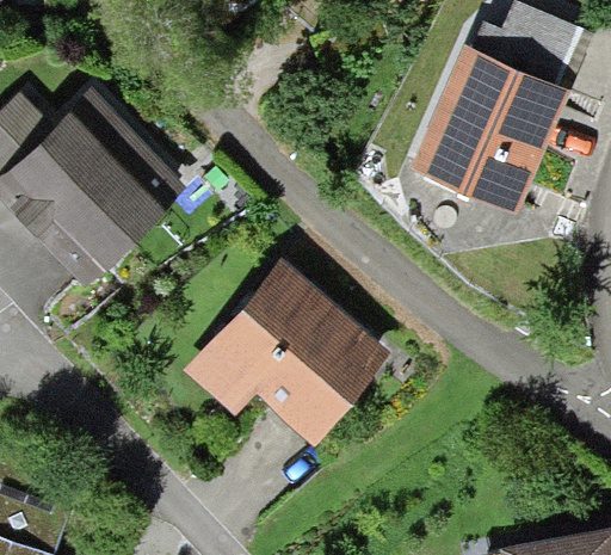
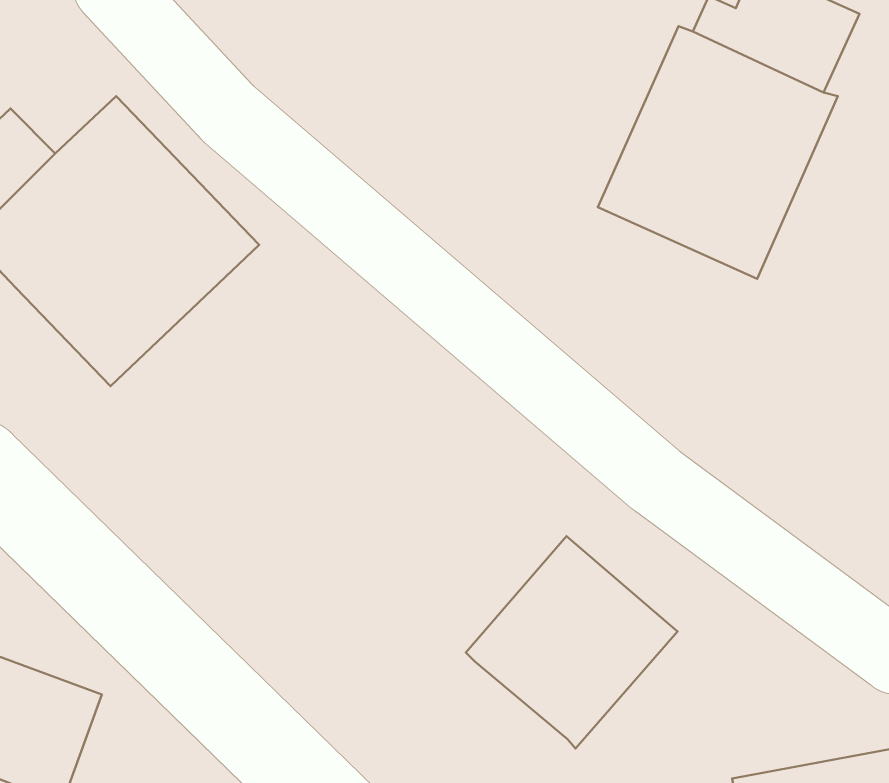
building: [183,263,389,443] -> none
building: none -> [466,536,678,749]

